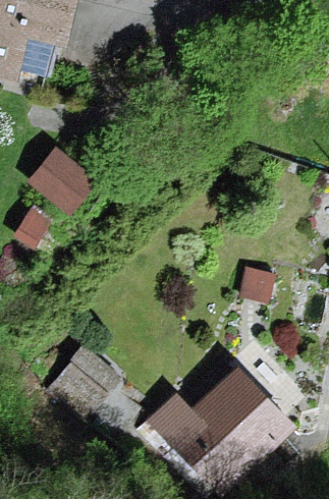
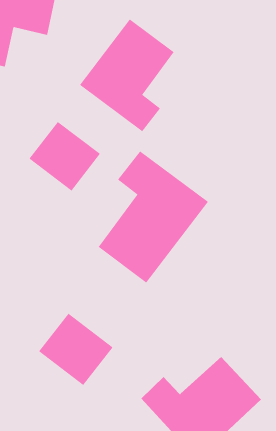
building: none -> [79,18,174,132]
building: none -> [98,150,209,284]

